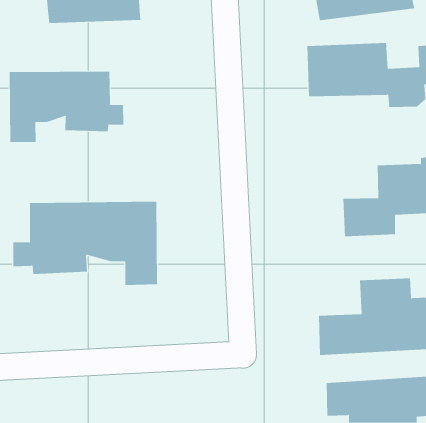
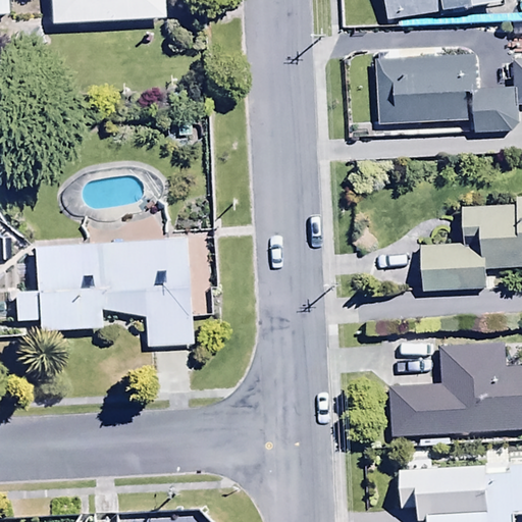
building: [9,71,124,143] -> none

